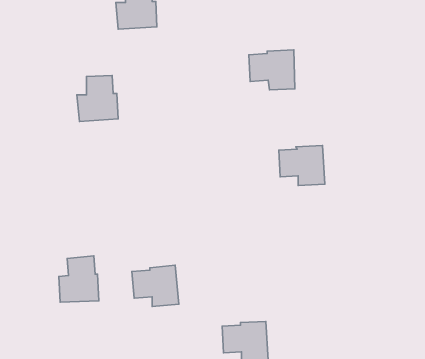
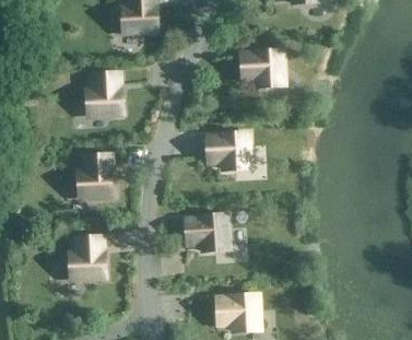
building: [279,145,325,185] -> [204,133,246,169]
building: none -> [75,155,111,197]
building: [132,265,179,306] -> [183,214,225,251]

